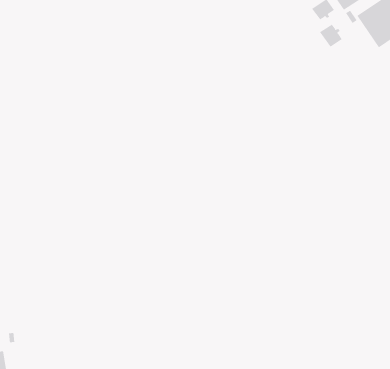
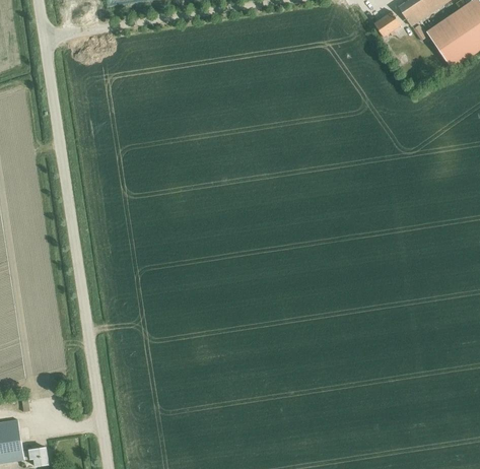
building: [319,24,342,48] -> none

